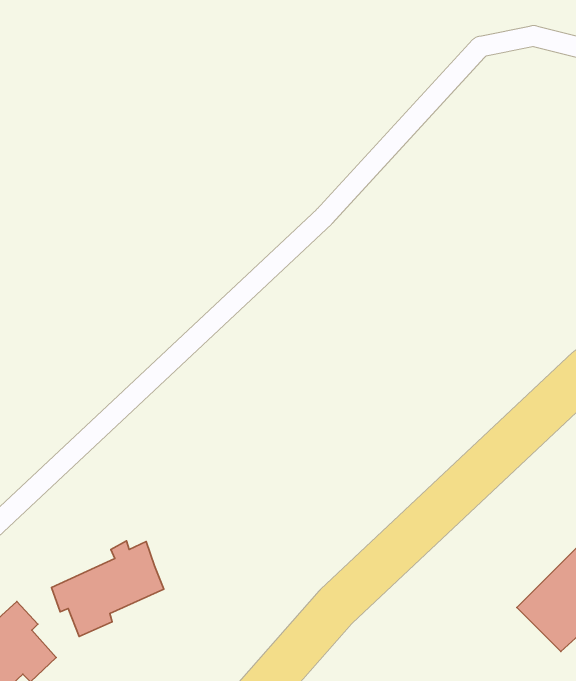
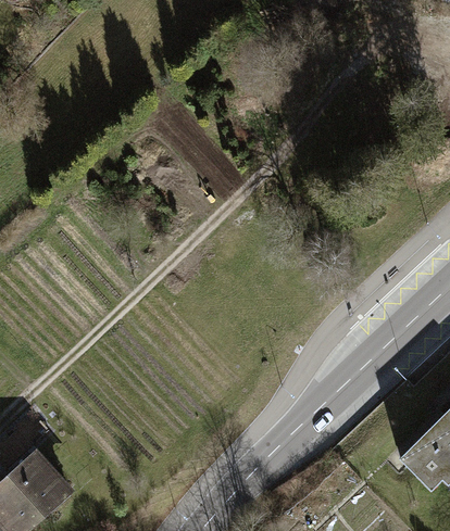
building: [52,541,164,637] -> none

